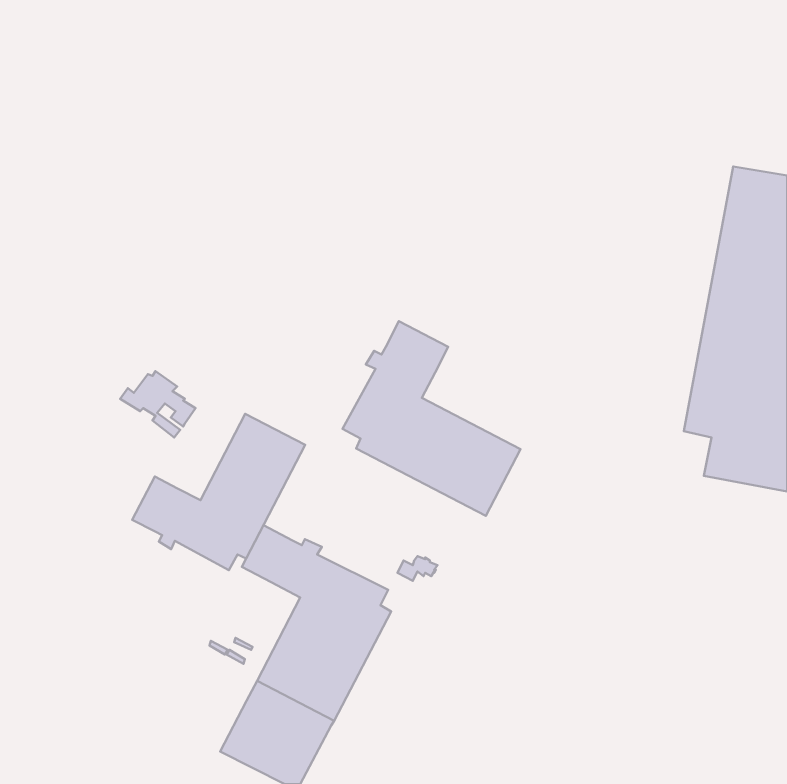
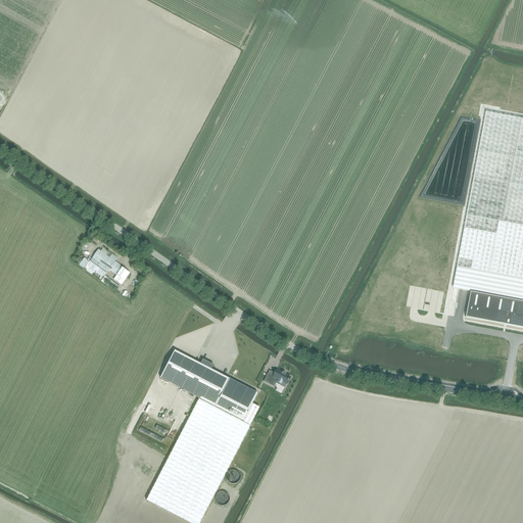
building: [343,321,520,516] -> none
building: [132,414,305,570] -> none

